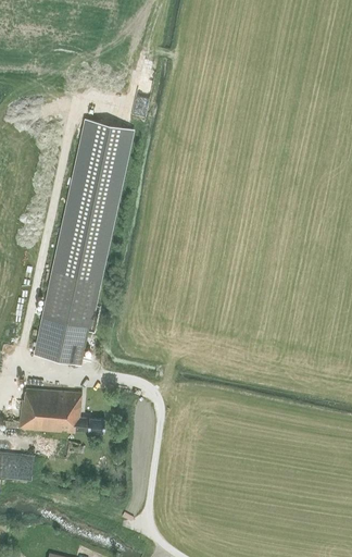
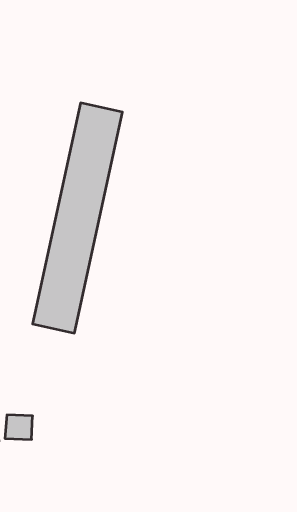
building: [18,388,103,433] -> none

